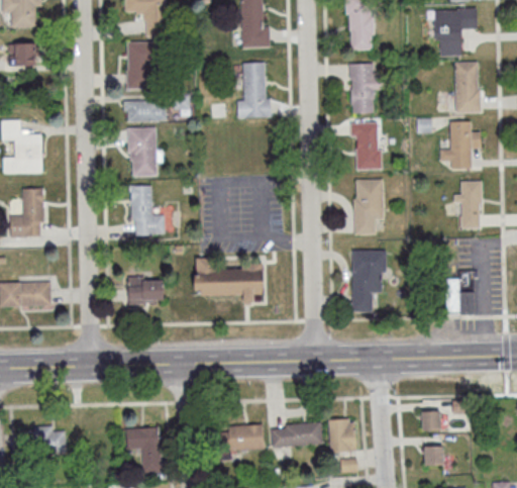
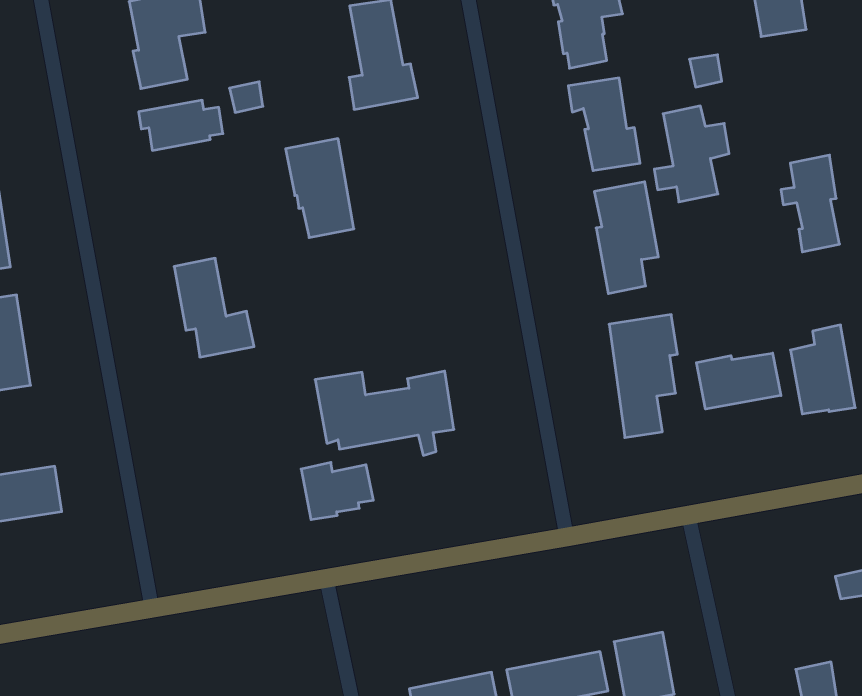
building: [440,121,481,170] -> [654,106,729,202]
building: [127,127,157,177] -> [286,139,354,238]
building: [127,277,163,305] -> [301,462,373,520]
building: none -> [696,353,781,409]
building: [419,412,439,431] -> none

